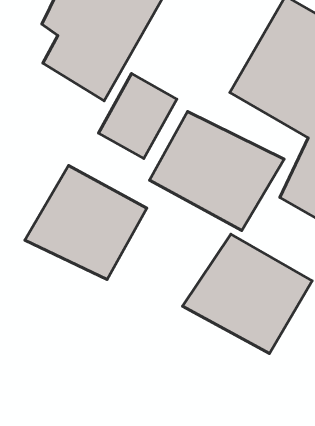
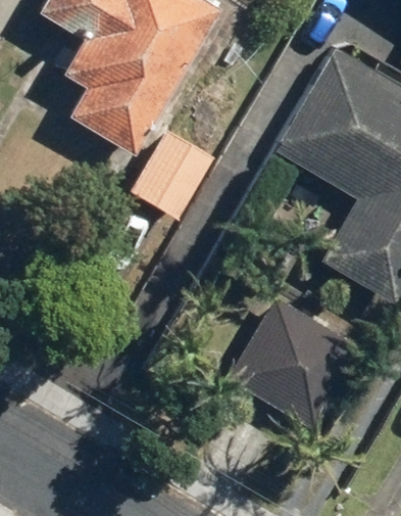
building: [149,111,284,231] -> none
building: [25,166,147,280] -> none

